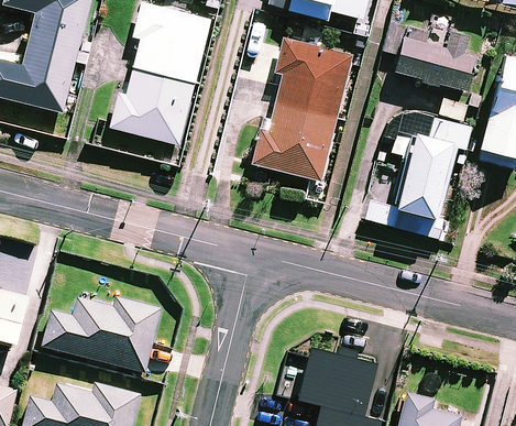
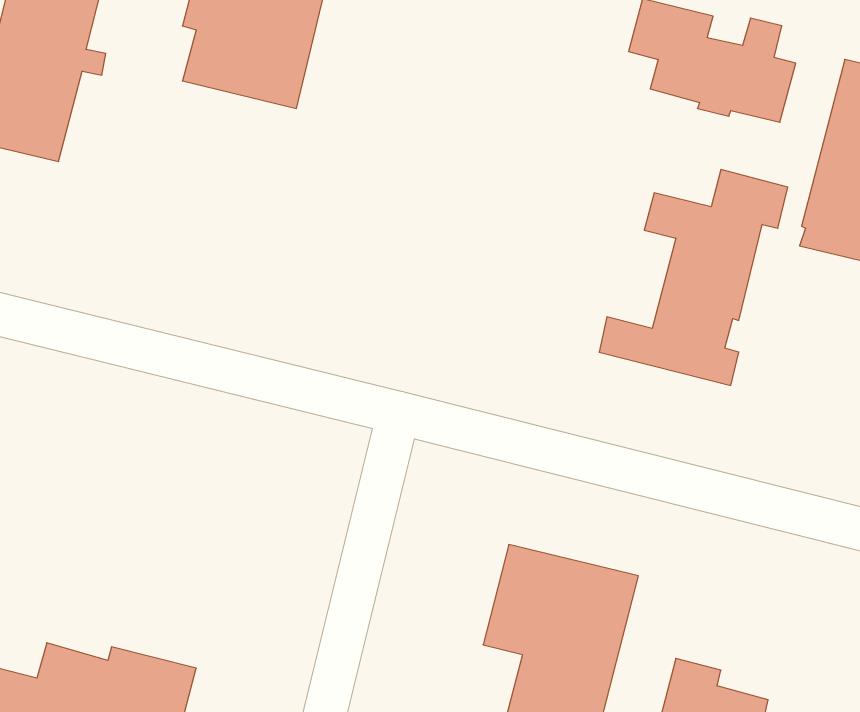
building: [253,28,352,179] -> none
building: [109,67,196,144] -> none
building: [41,297,161,372] -> none

